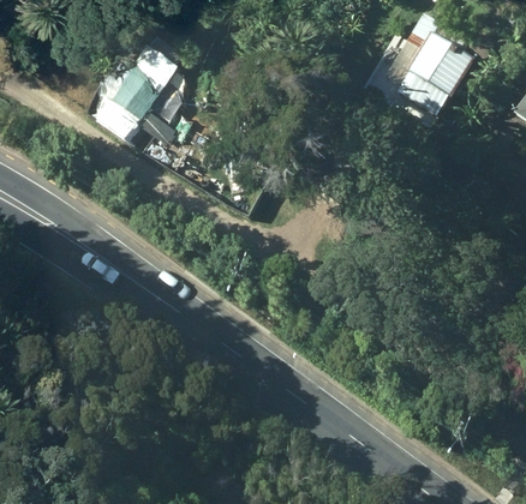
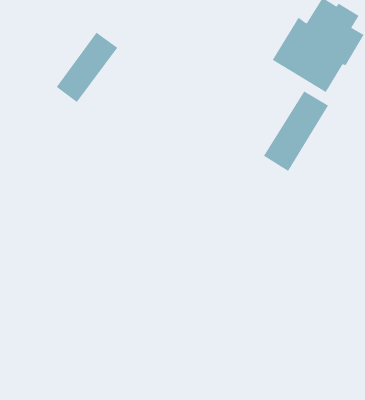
building: none -> [263,91,329,172]

